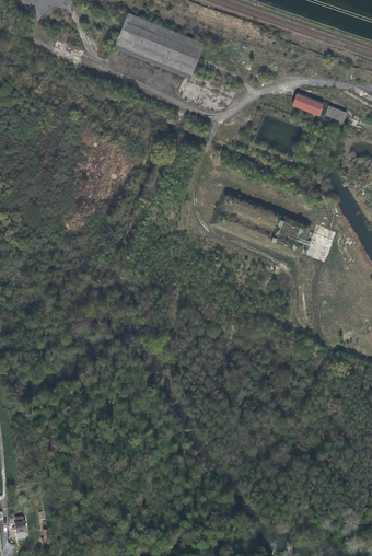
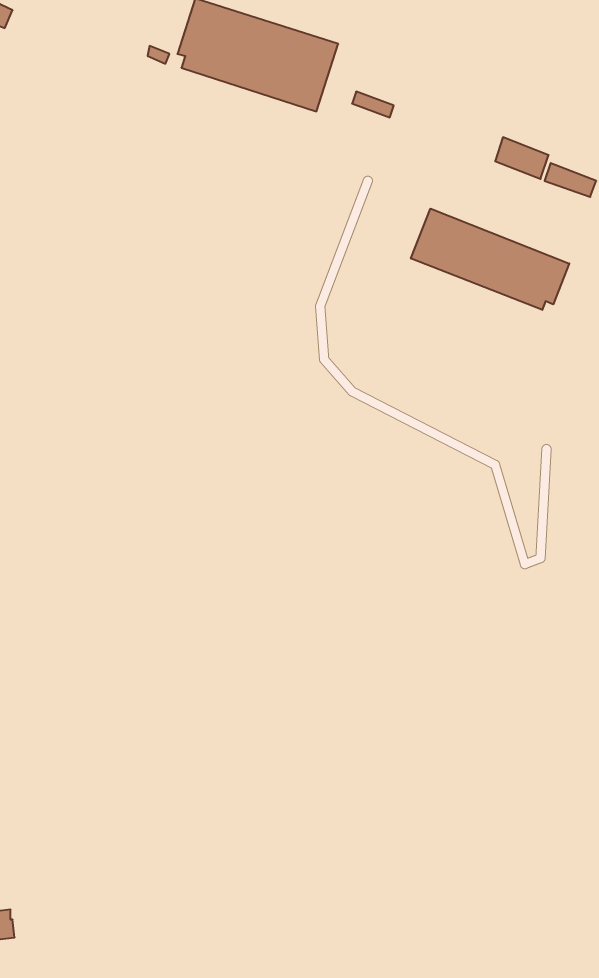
building: none -> [411,209,569,310]

